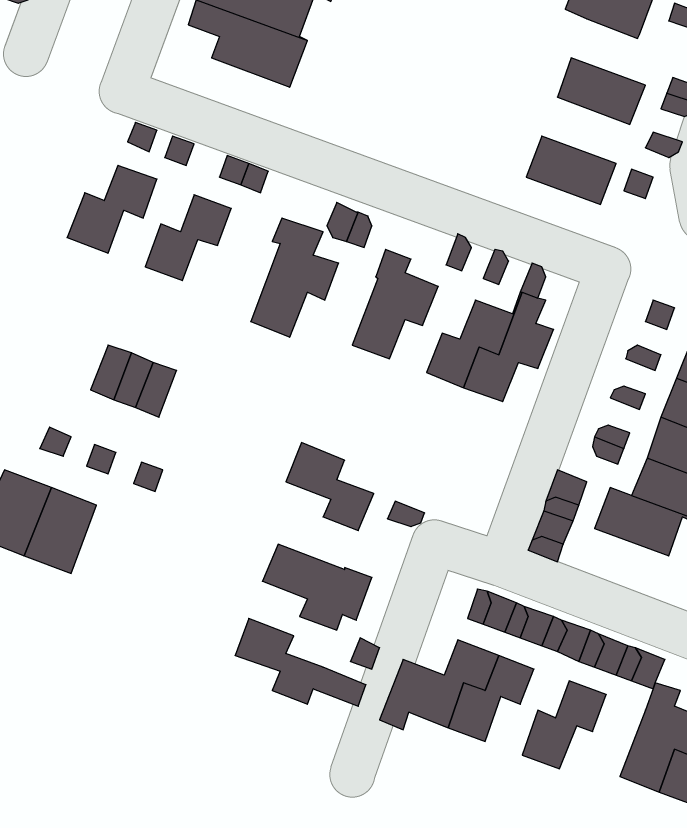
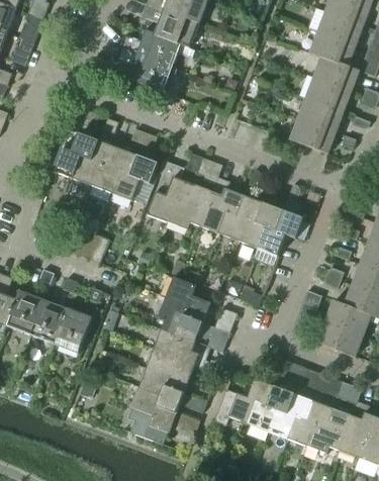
building: none -> [312,57,359,91]
building: none -> [297,97,343,131]
building: none -> [73,139,117,185]
building: none -> [111,155,157,200]
building: none -> [167,183,212,228]
building: none -> [218,195,263,239]
building: none -> [157,296,228,342]
building: none -> [54,308,92,354]
building: none -> [316,320,363,357]
building: none -> [146,348,191,392]
building: none -> [126,386,199,444]
building: none -> [268,393,311,438]
building: none -> [306,406,351,453]

